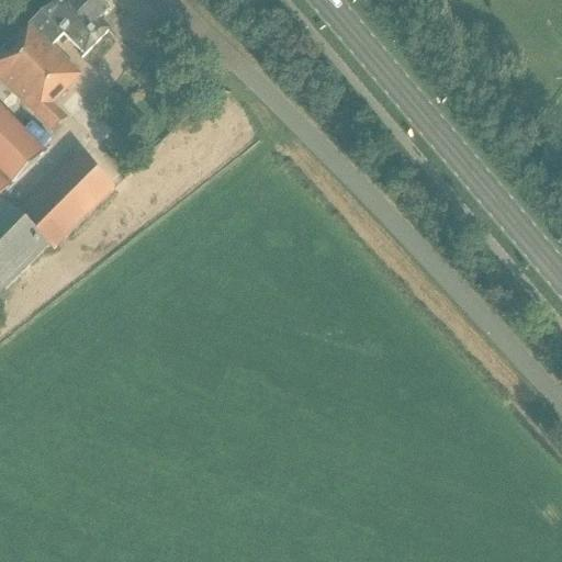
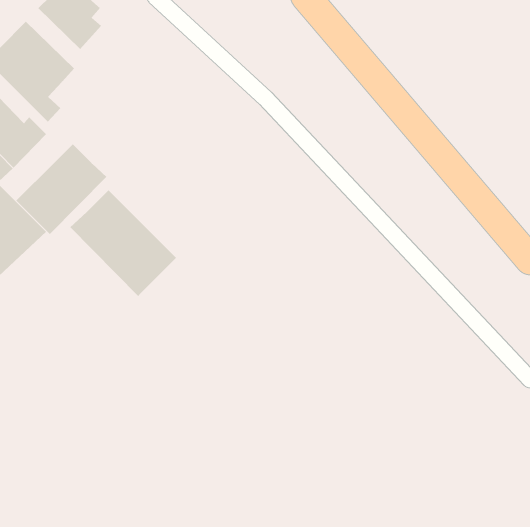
building: none -> [70,189,177,297]

